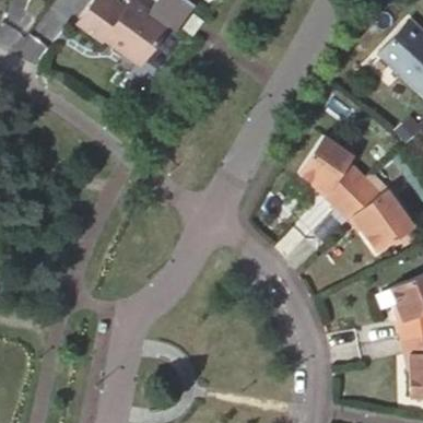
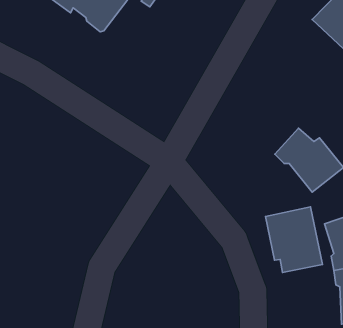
building: [295,132,363,205] -> none
building: none -> [265,207,322,272]

